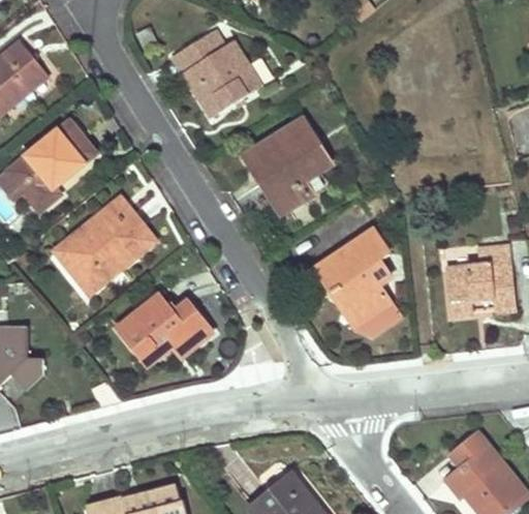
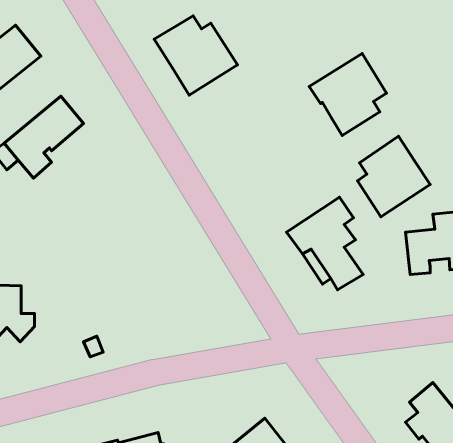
building: [246,119,331,209] -> [309,53,387,136]
building: none -> [357,136,430,217]
building: [55,196,153,291] -> none
building: [119,295,211,355] -> none

